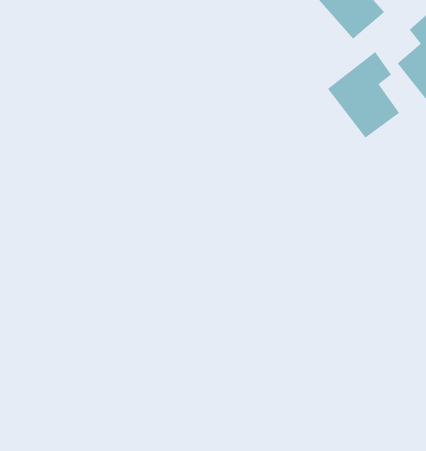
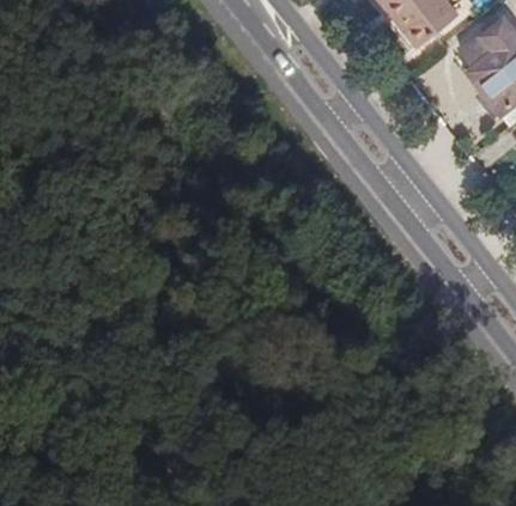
building: [327,51,400,138] -> none

